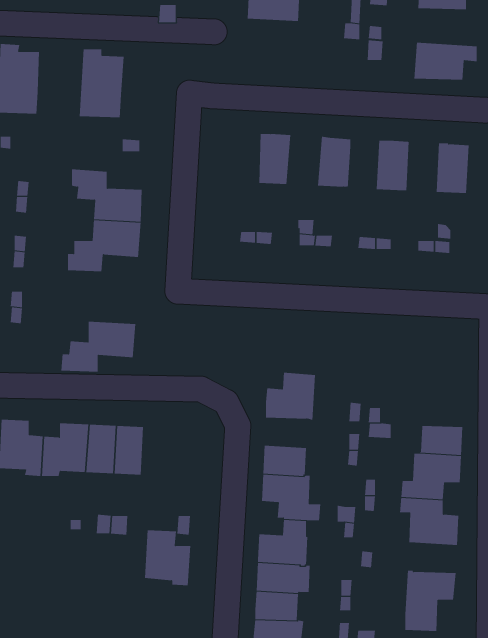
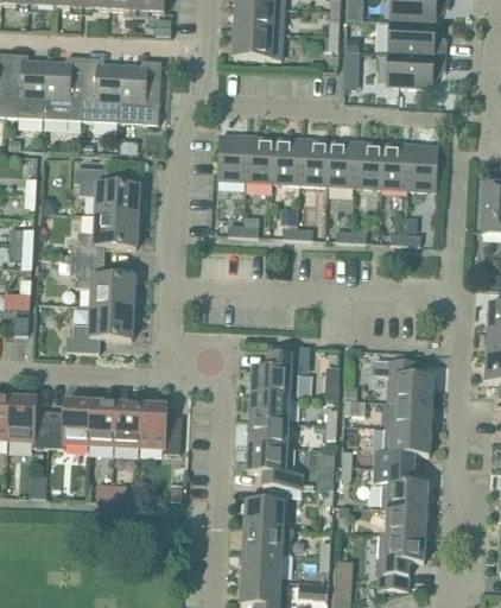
building: none -> [388,21,445,56]
building: none -> [232,31,281,58]
building: none -> [43,57,84,120]
building: none -> [119,61,160,124]
building: none -> [218,134,246,180]
building: none -> [271,137,302,183]
building: none -> [326,140,354,186]
building: none -> [380,142,408,189]
building: none -> [69,260,134,309]
building: none -> [373,359,432,403]
building: none -> [249,394,290,422]
building: [144,530,191,586] -> [138,403,180,454]
building: none -> [380,508,426,536]

